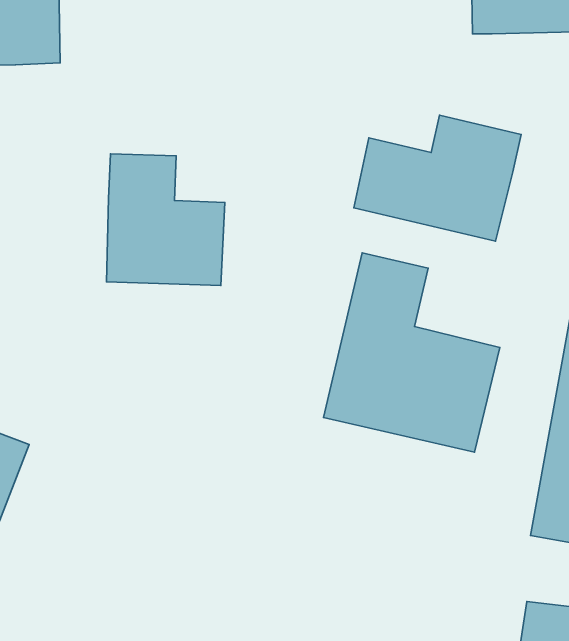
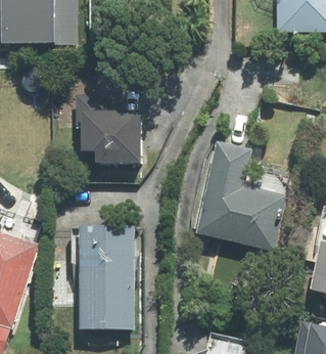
building: [354,115,521,241] -> none
building: none -> [69,224,133,329]

